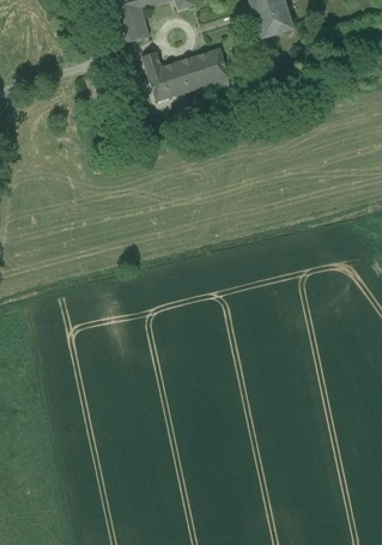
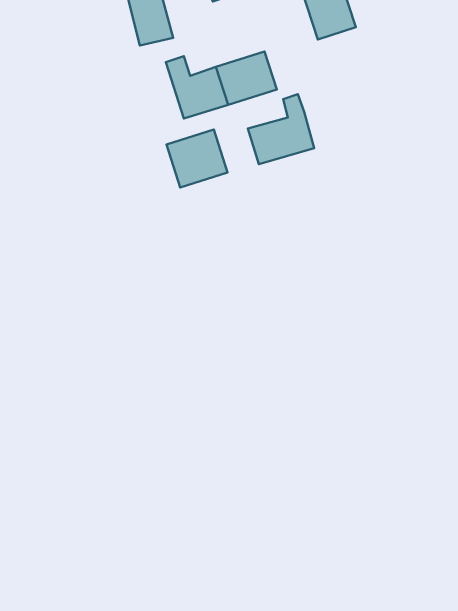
building: none -> [248,94,314,164]
building: none -> [167,129,227,187]

